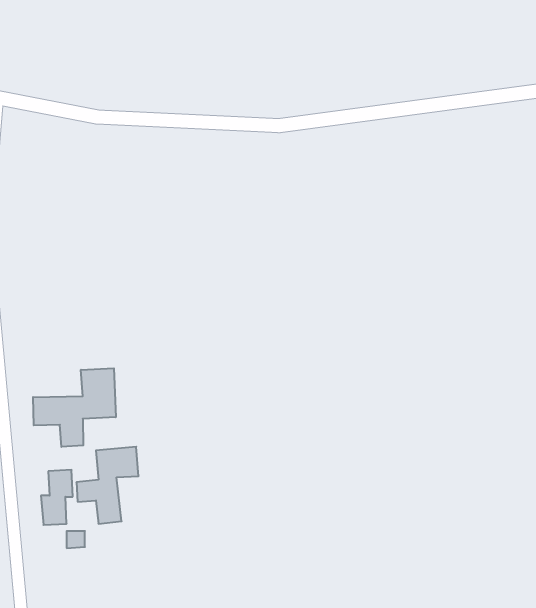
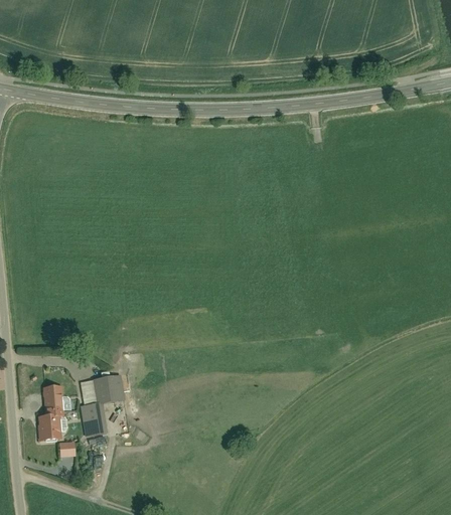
building: [33,368,116,447] -> none

